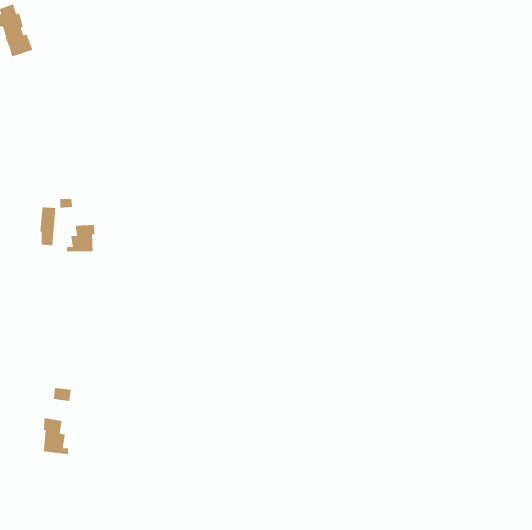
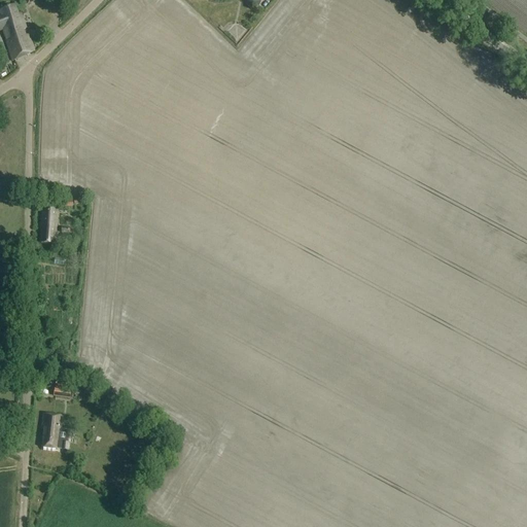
building: [66,224,95,252] -> none

